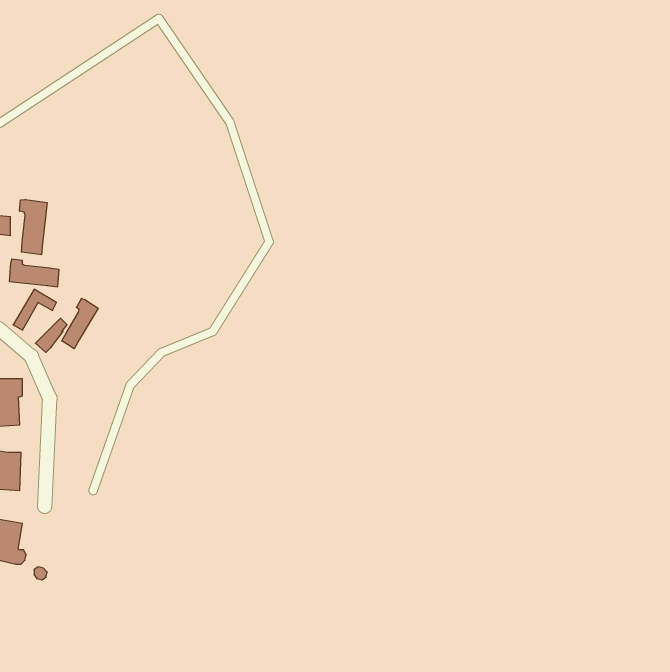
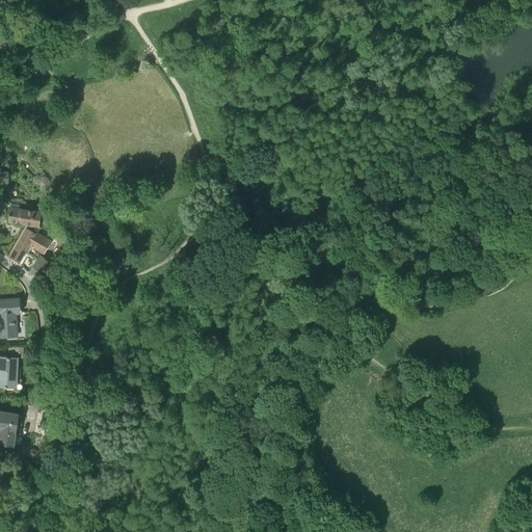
building: [20,199,47,255] -> none
building: [62,298,98,349] -> none

